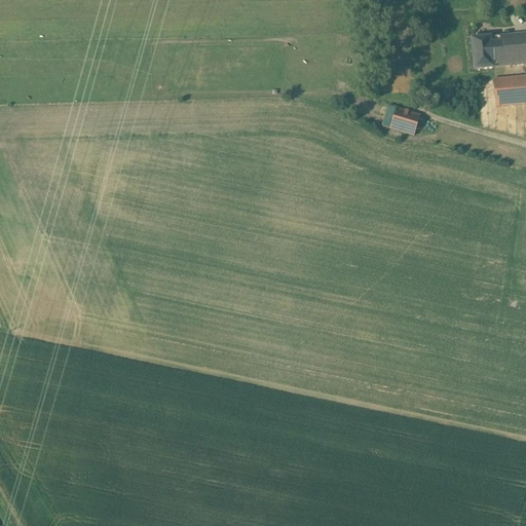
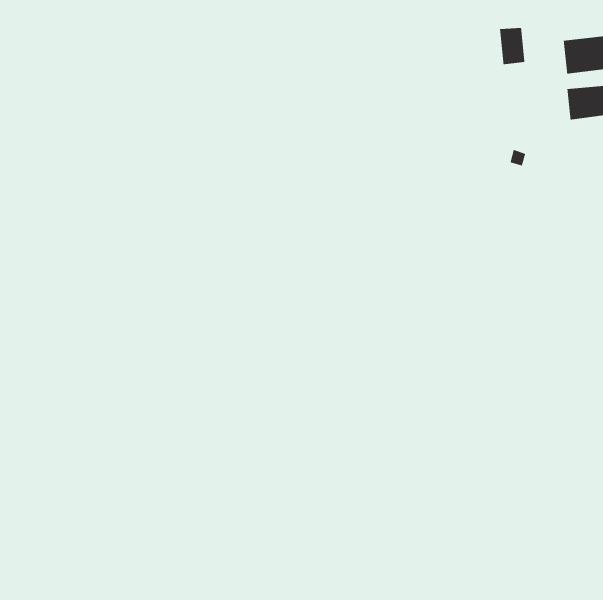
building: [471,35,493,68] -> [499,27,525,65]
building: [391,107,421,134] -> none

